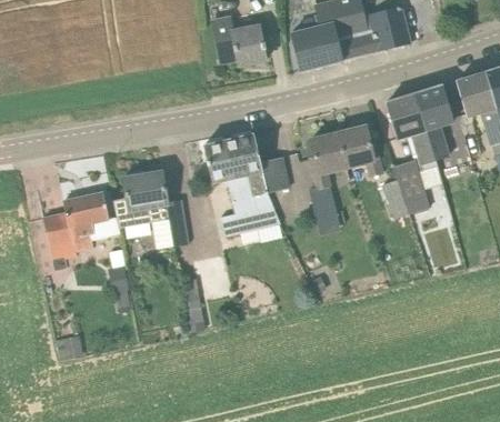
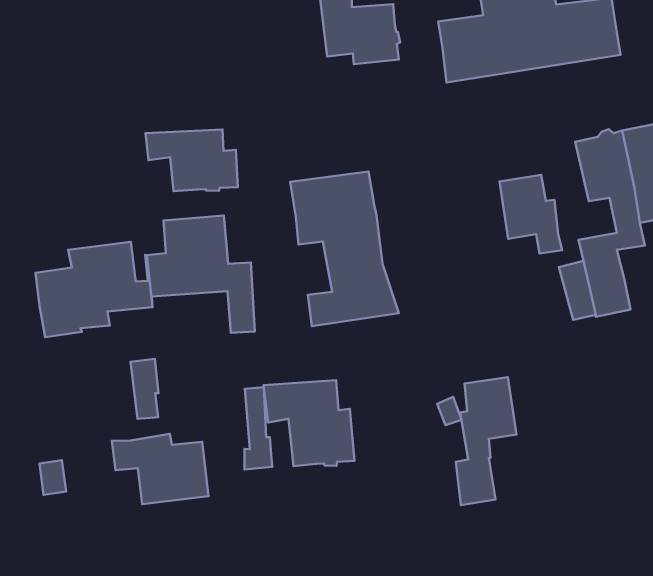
building: none -> [146,129,238,191]
building: [310,132,348,218] -> [456,377,517,505]
building: [261,155,291,192] -> none
building: none -> [264,380,354,466]
building: none -> [112,434,208,504]

